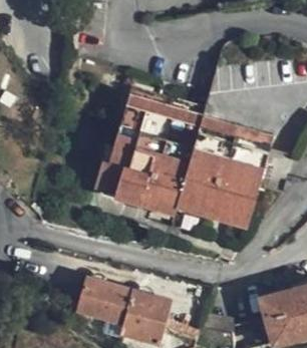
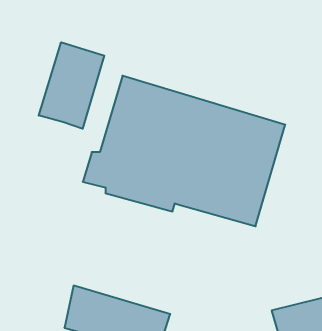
building: none -> [39,42,104,129]

